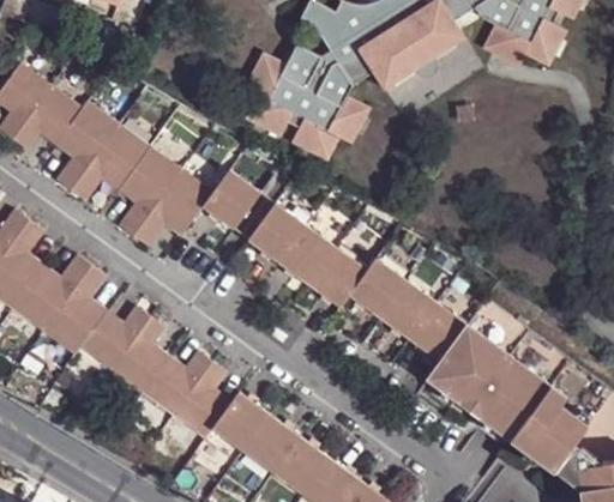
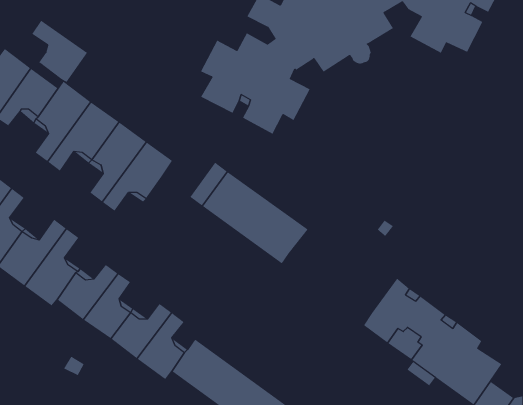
building: none -> [31,20,88,83]
building: [200,168,260,230] -> none
building: [345,255,468,362] -> none

